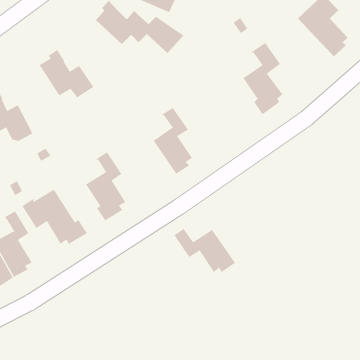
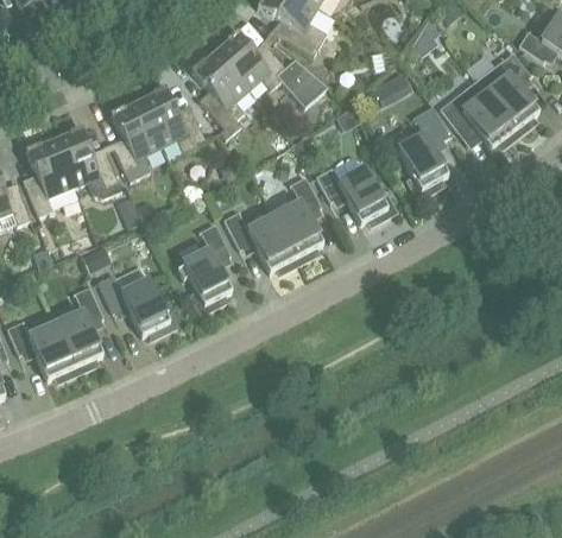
building: none -> [438,78,517,147]
building: none -> [190,52,247,137]
building: none -> [109,102,159,177]
building: none -> [315,165,394,223]
building: [173,227,236,273] -> [222,209,298,272]

